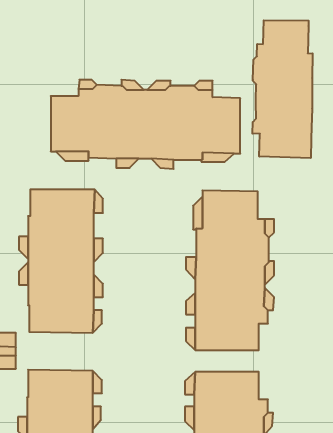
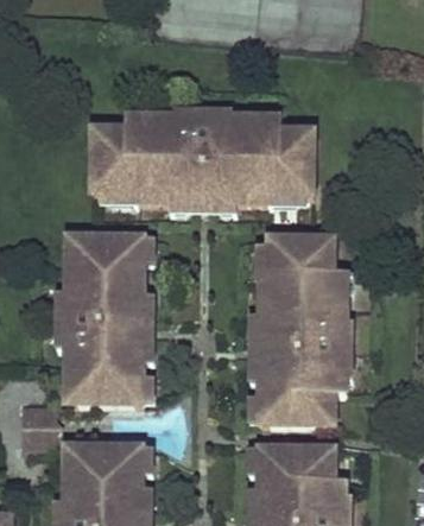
building: [252,20,313,158] -> none

